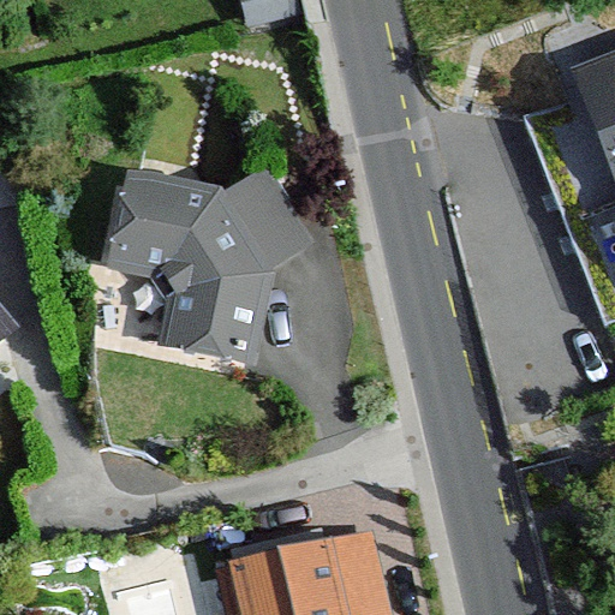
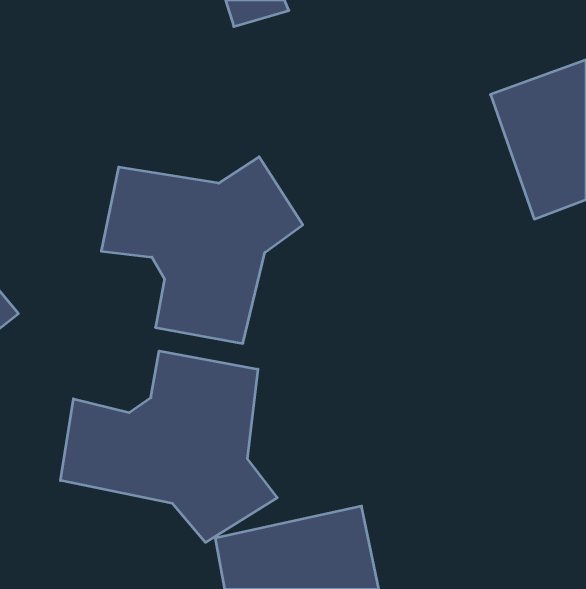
building: none -> [60,351,277,542]

